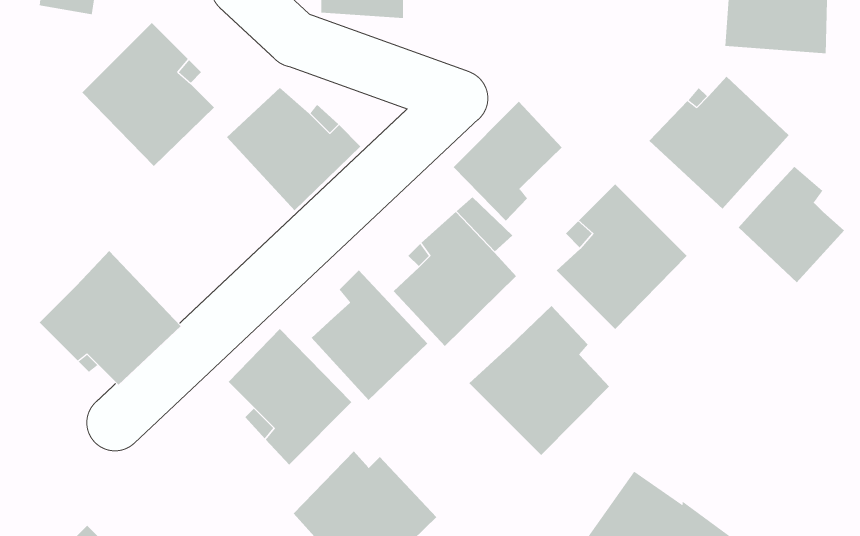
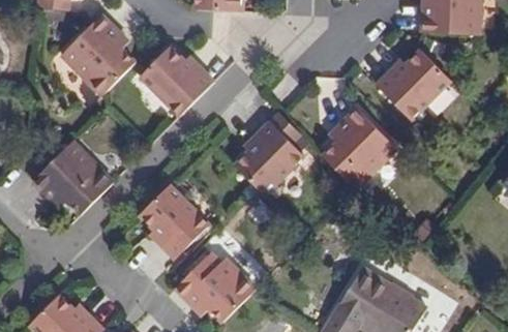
building: [453,101,562,222] -> none
building: [738,166,845,283] -> none
building: [311,269,428,401] -> none
building: [468,305,610,456] -> none

